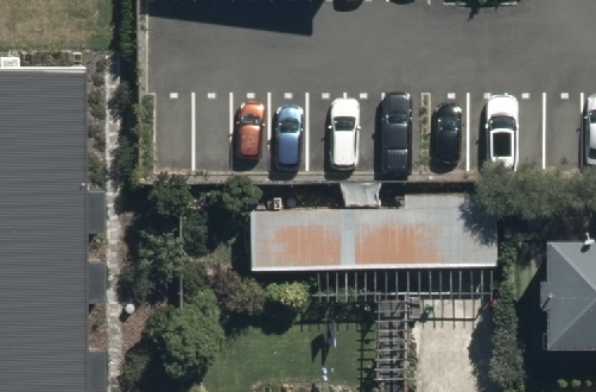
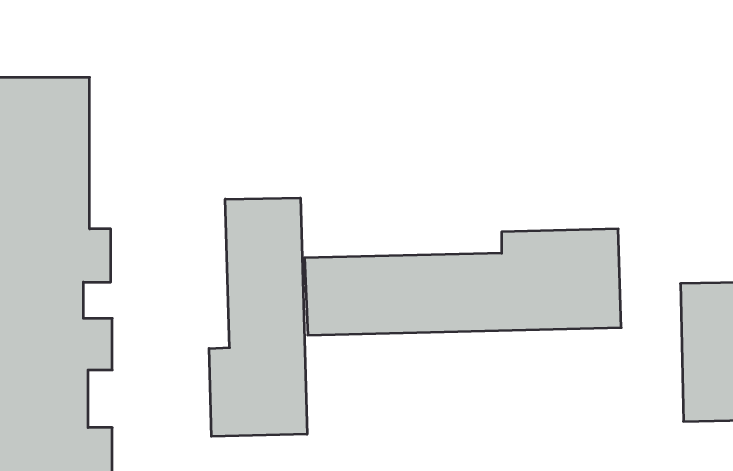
building: none -> [209,198,307,436]

